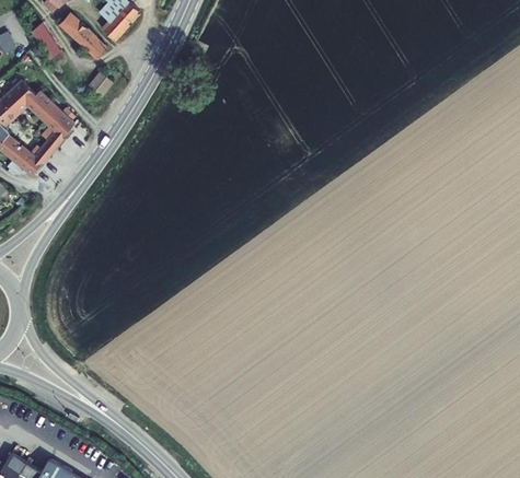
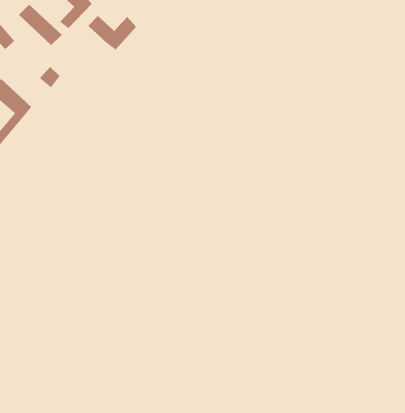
building: none -> [88,15,137,51]

